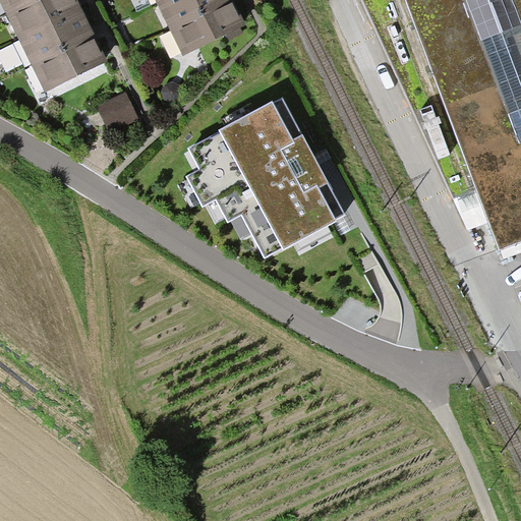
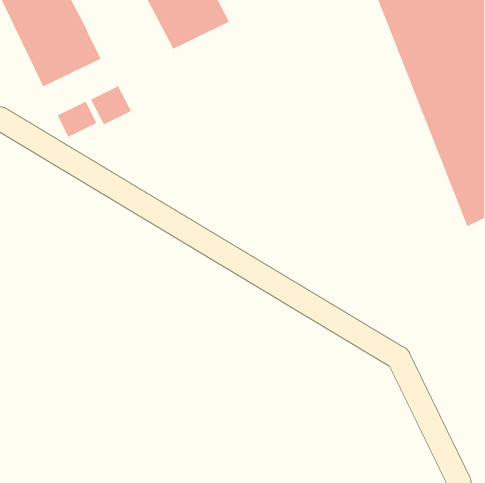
building: [191,101,344,254] -> none
building: none -> [57,101,97,138]

